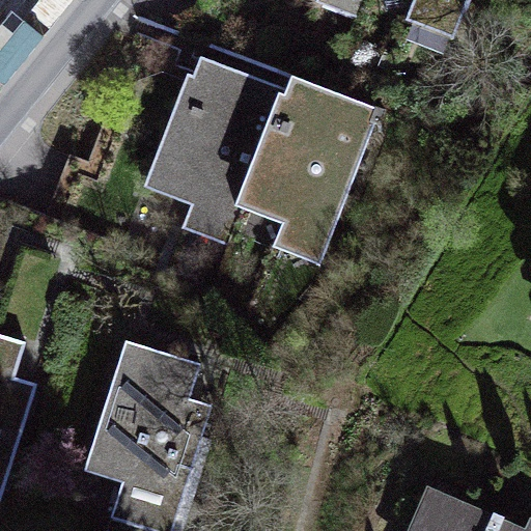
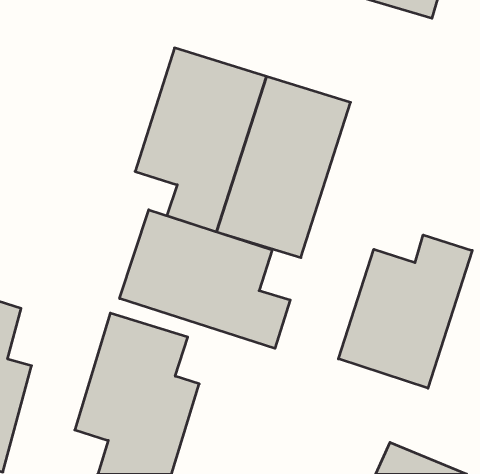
building: none -> [120,210,290,348]
building: none -> [338,235,472,388]

